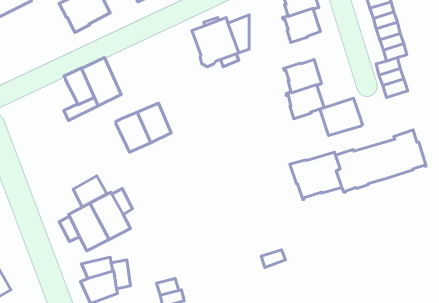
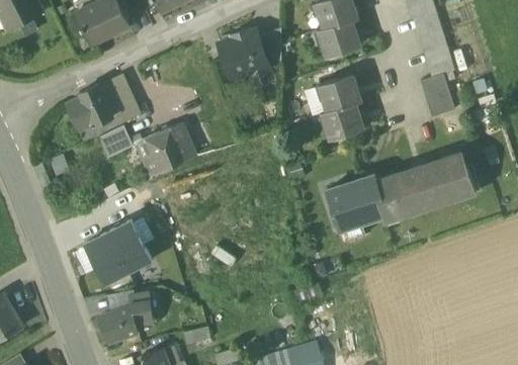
building: none -> [66,98,94,131]
building: [320,98,362,136] -> none
building: none -> [99,127,142,158]
building: [73,176,107,207] -> none

